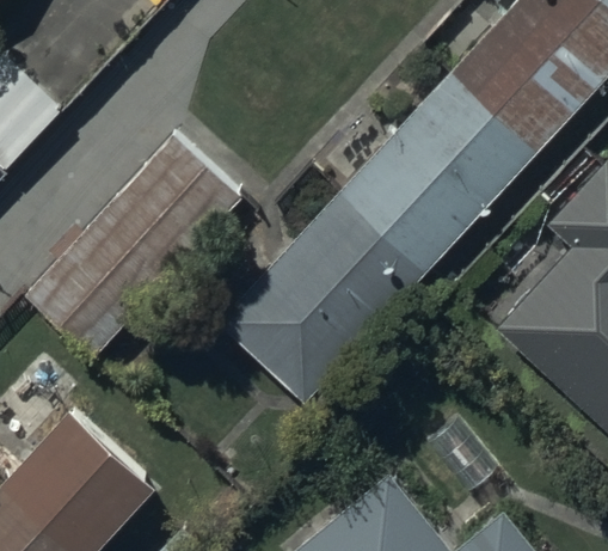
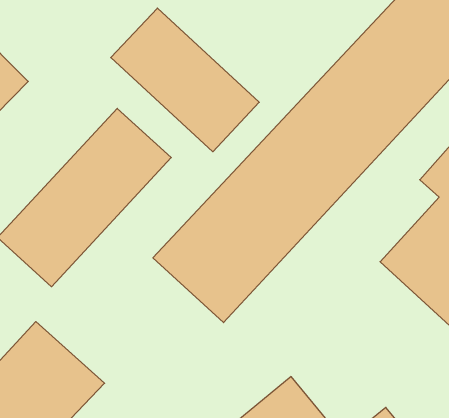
building: none -> [111,8,259,152]

